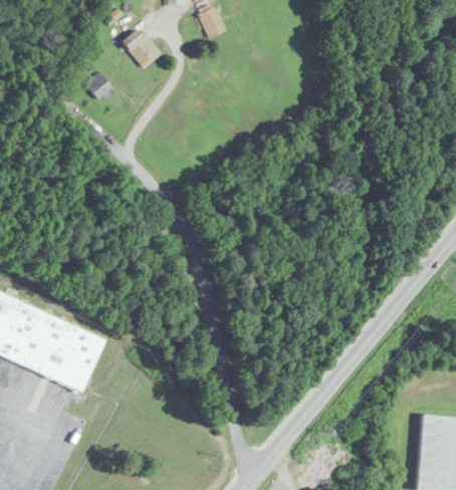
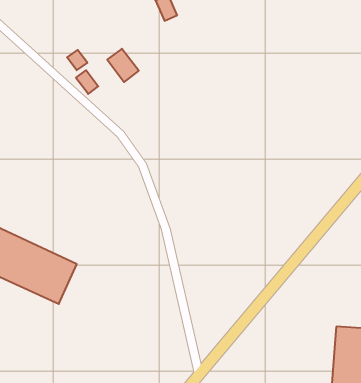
building: [122,27,161,68] -> [107,49,139,82]
building: none -> [76,70,98,94]

